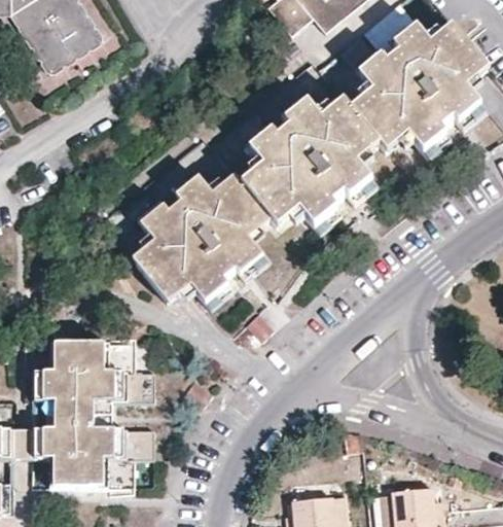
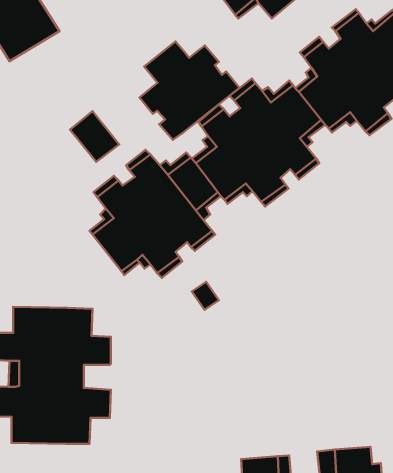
building: none -> [140,41,240,140]
building: none -> [70,111,119,162]

